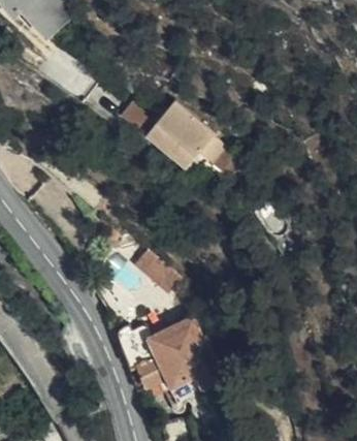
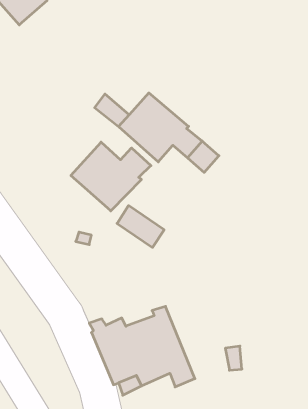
building: none -> [71,142,151,211]
building: [135,250,182,291] -> [117,206,164,247]

